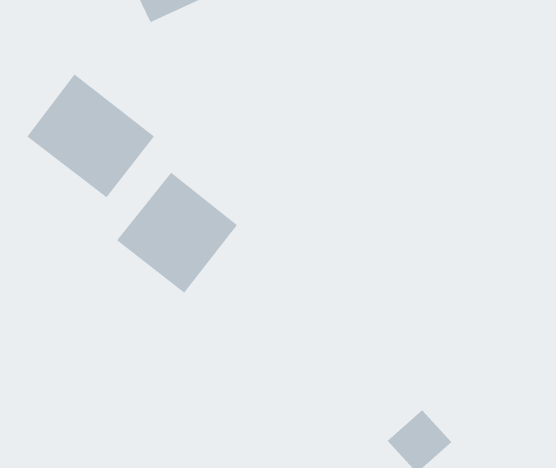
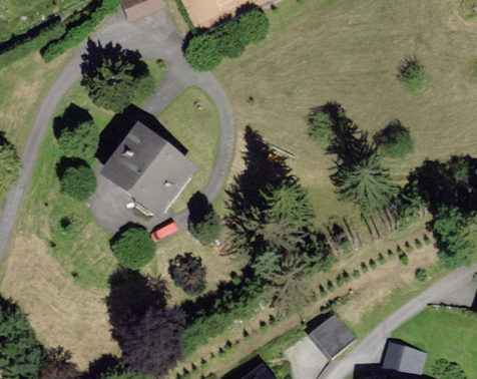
building: [27,73,155,198] -> none

